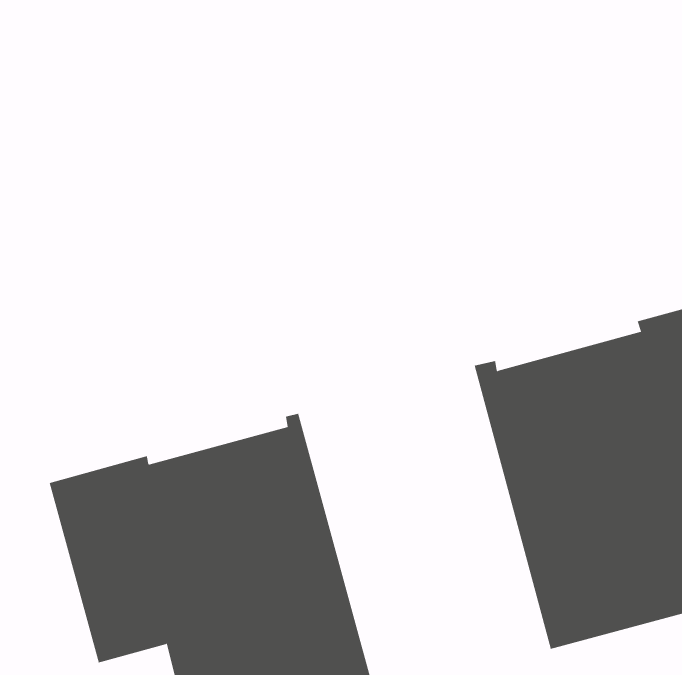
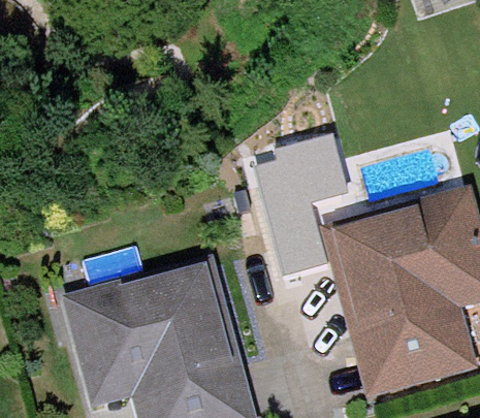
building: none -> [254,132,349,277]

